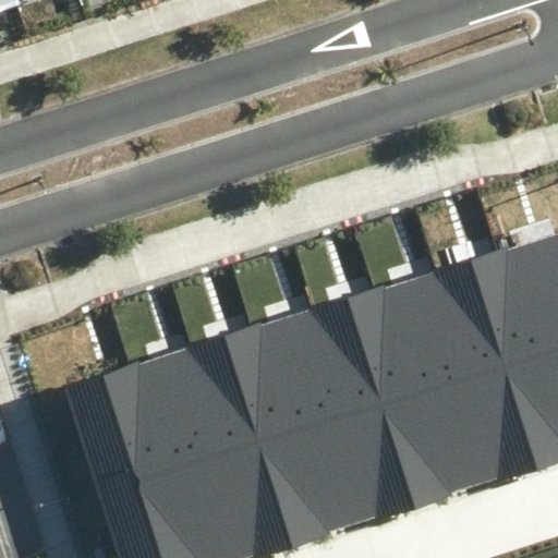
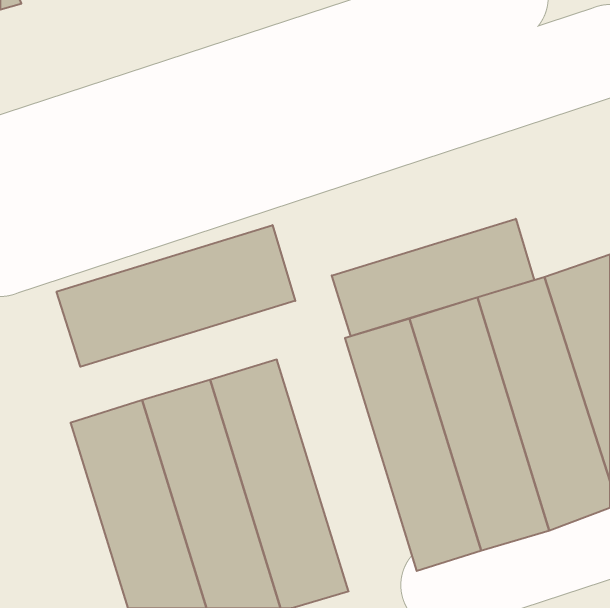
building: none -> [332,219,534,336]
building: none -> [57,225,295,367]
building: [253,308,380,539] -> none

